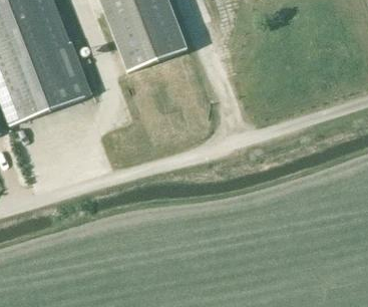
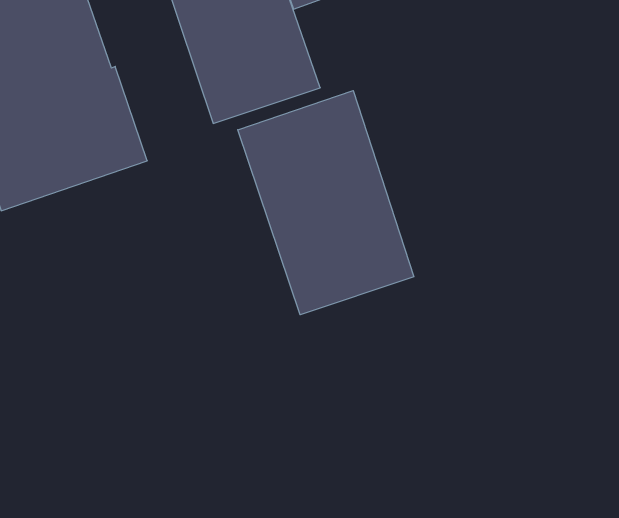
building: none -> [238,91,414,315]

